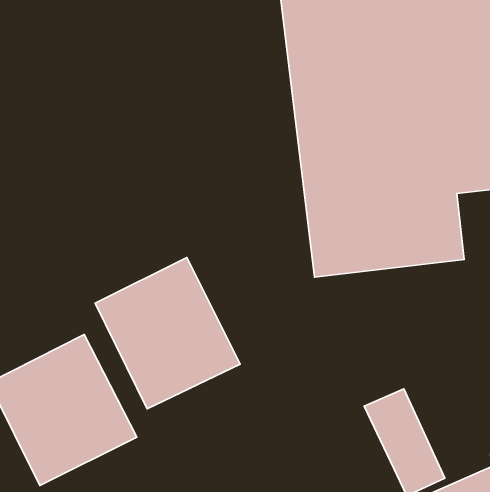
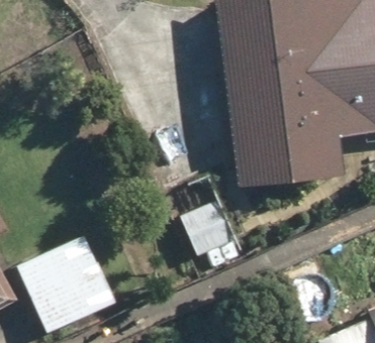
building: [95,257,240,409] -> none

